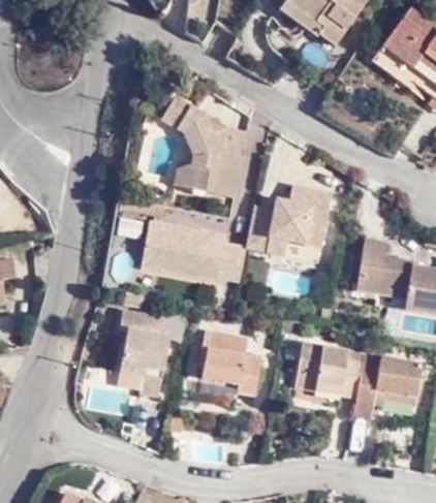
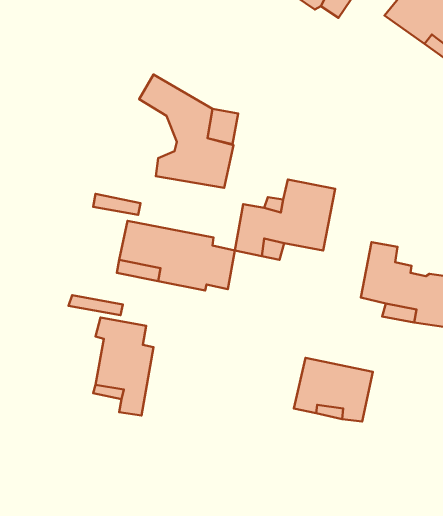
building: [203,329,267,395] -> none
building: [352,355,423,422] -> none

